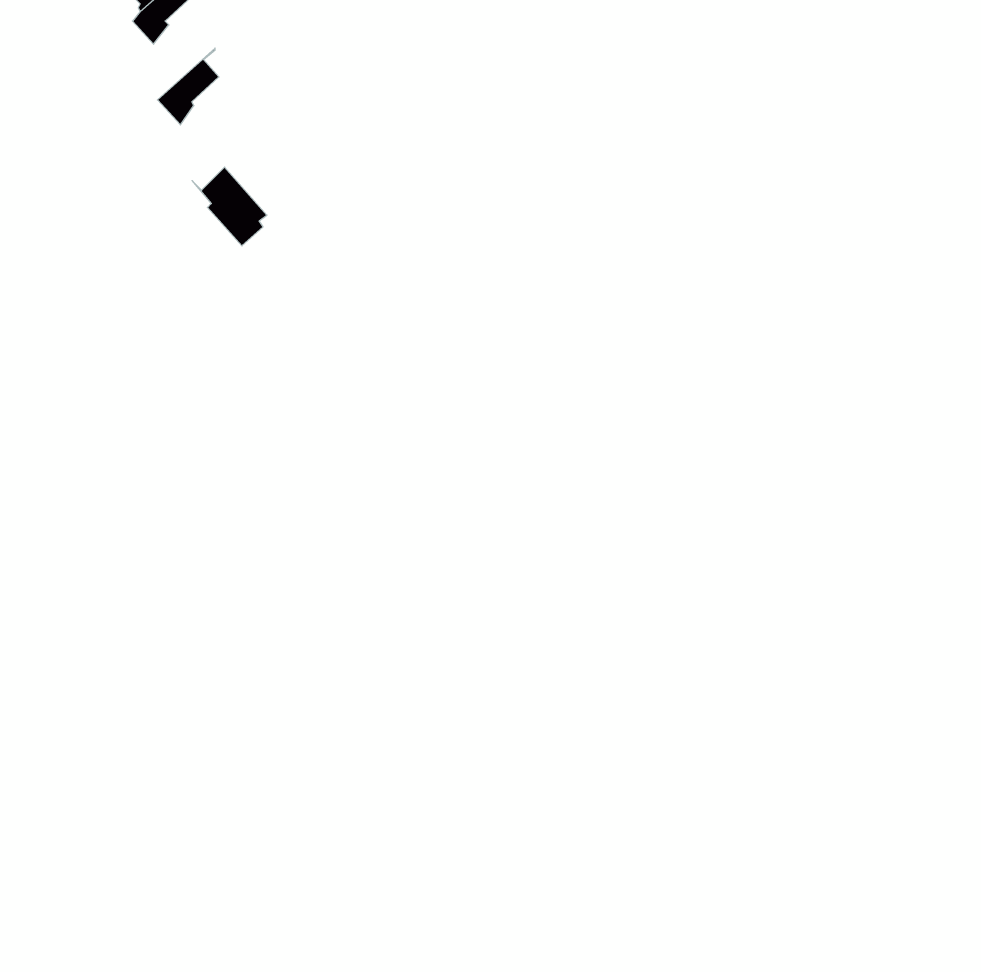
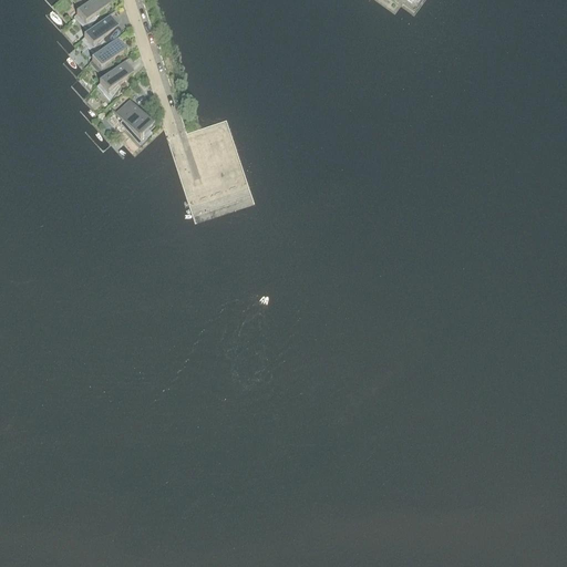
building: none -> [84,6,118,49]
building: none -> [99,51,134,94]

